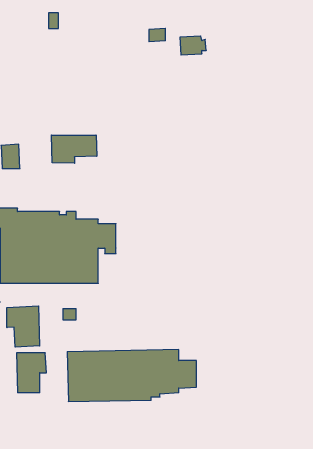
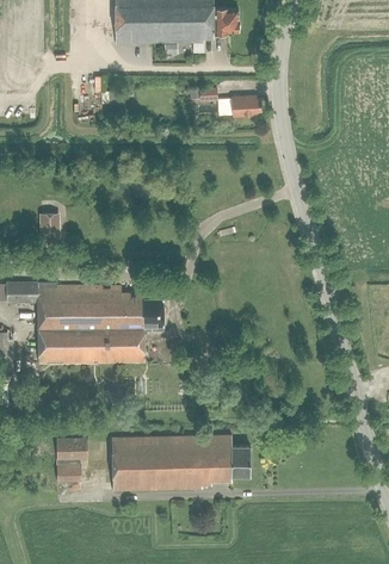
building: [51,135,97,163] -> none
building: [7,306,40,347] -> none

